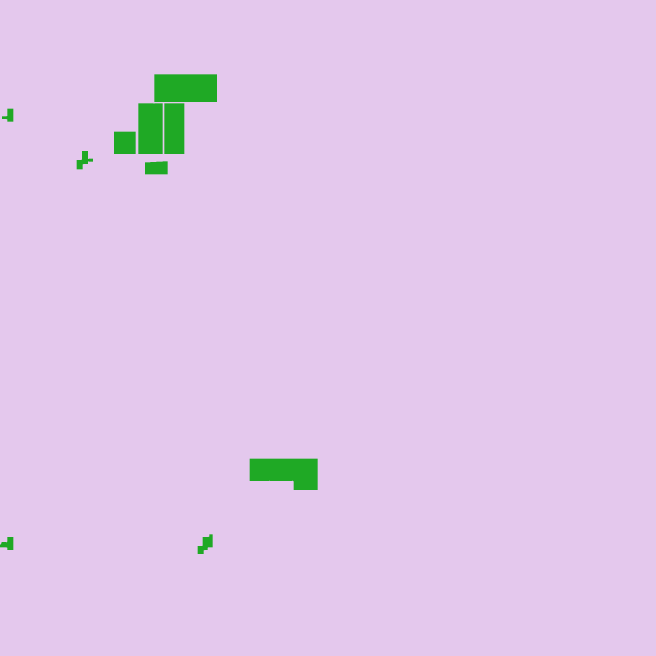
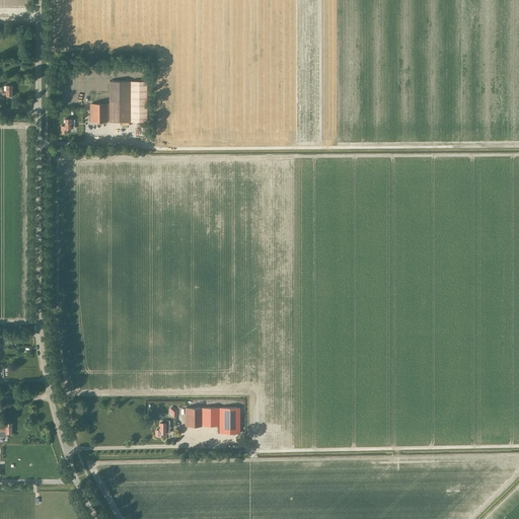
building: [154,74,218,103] -> none
building: [249,458,318,490] -> [183,409,238,434]

